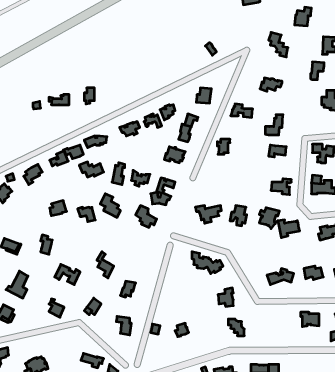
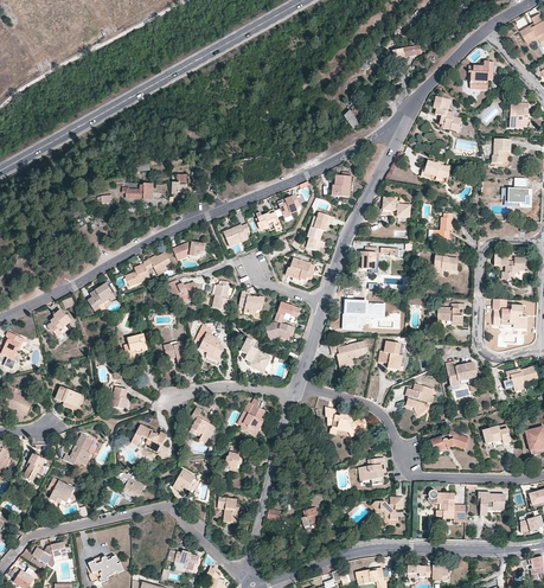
building: none -> [344,299,385,326]
building: [259,208,279,229] -> [405,383,434,413]
building: none -> [238,397,262,435]
building: none -> [427,492,460,520]

